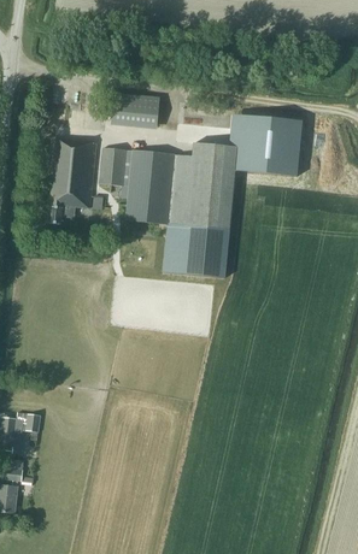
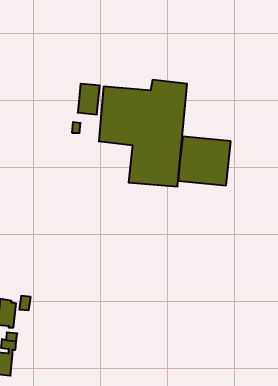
building: [110,94,159,125] -> none
building: [234,114,300,176] -> [178,136,231,185]
building: [47,138,95,223] -> none

